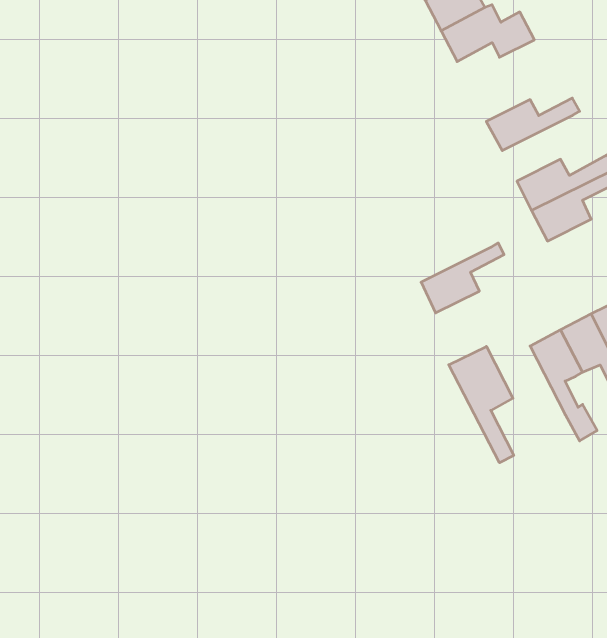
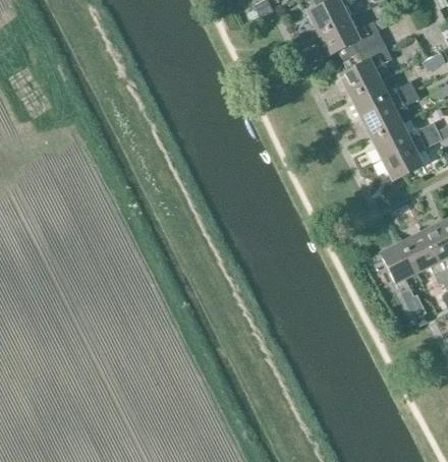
building: none -> [339,39,391,96]
building: [421,243,504,313] -> [360,89,418,137]
building: [449,346,514,463] -> none

